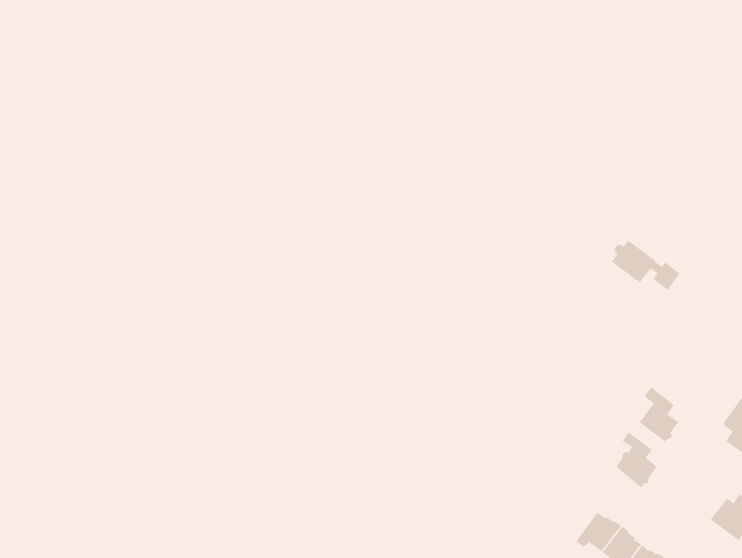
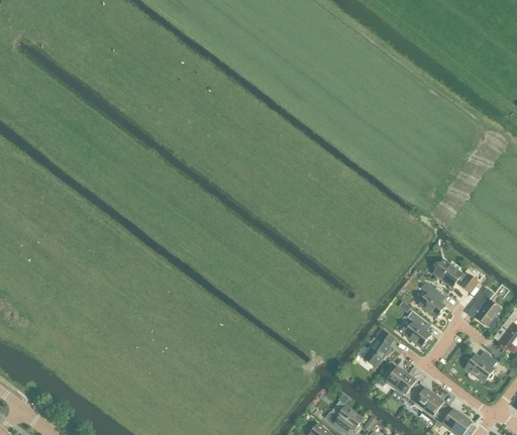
building: [611,240,680,291] -> [432,258,478,292]
building: none -> [363,328,394,366]

